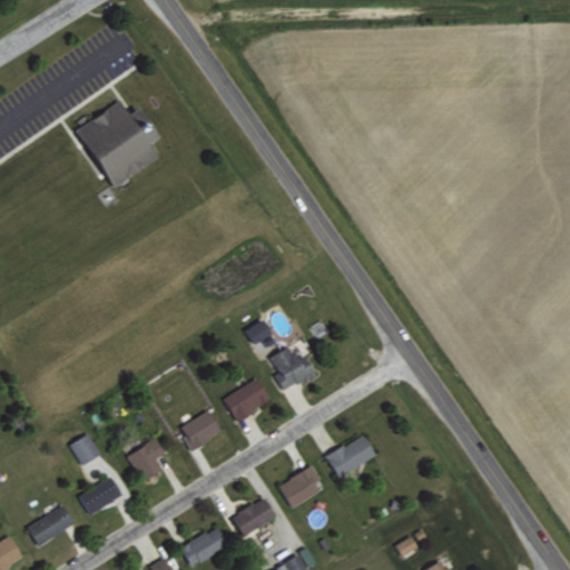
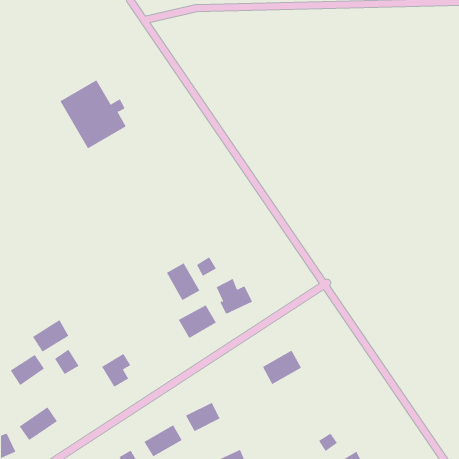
building: none -> [166,262,200,301]
building: none -> [32,319,69,353]
building: [179,411,222,449] -> none
building: [278,465,321,508] -> none
building: [79,476,122,515] -> [10,354,45,386]

